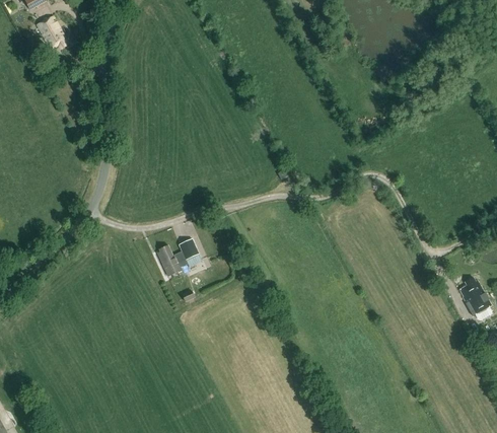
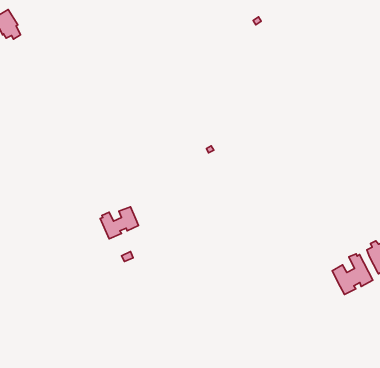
building: none -> [332,254,373,294]

